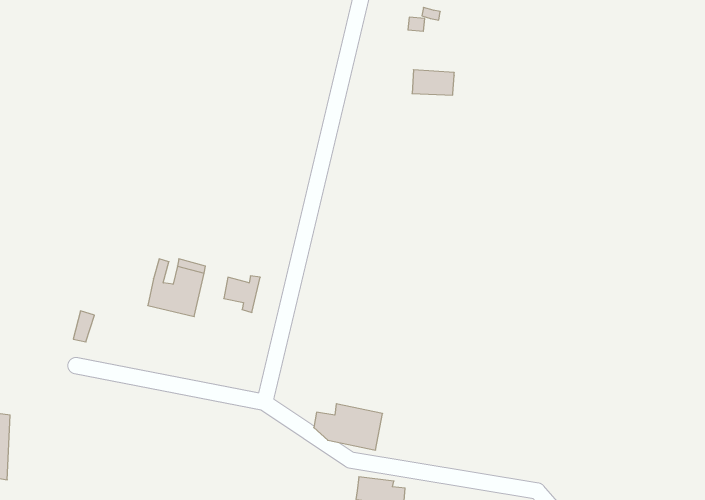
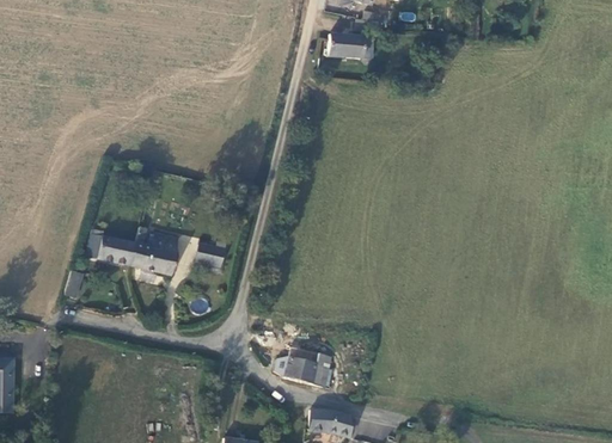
building: [412,70,454,95] -> [326,35,362,56]
building: none -> [87,232,136,264]

